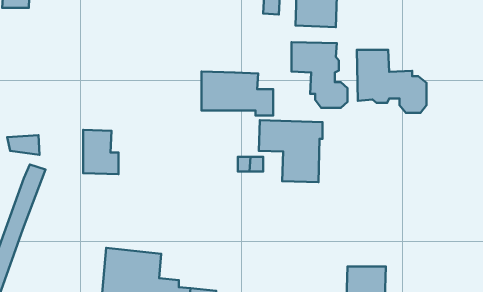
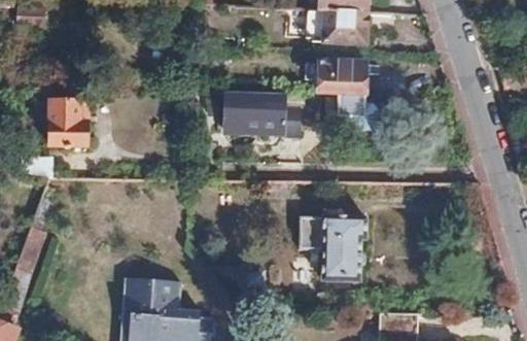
building: [357,50,427,113] -> none
building: [259,120,323,182] -> [296,216,363,281]
building: [83,130,118,174] -> [50,99,87,145]

